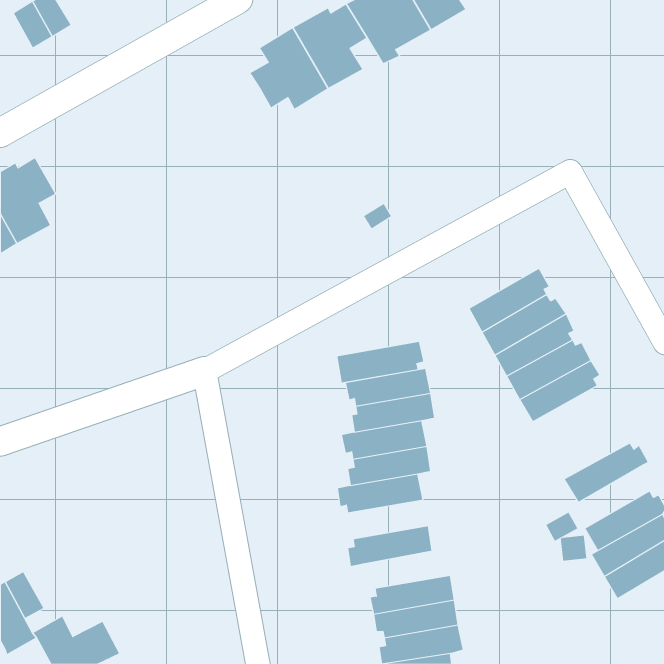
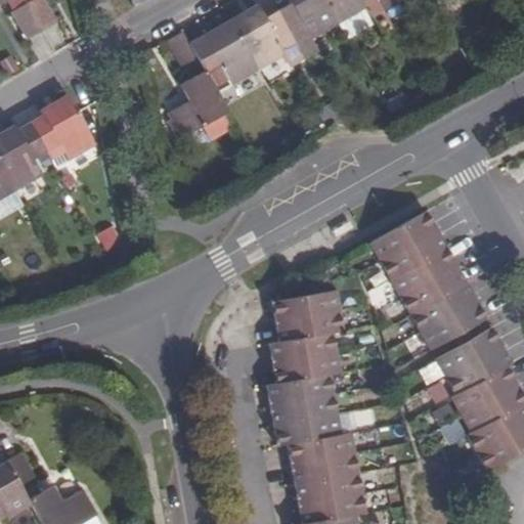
building: none -> [168,32,229,136]
building: none -> [29,97,95,169]
building: [337,341,424,383] -> none
building: none -> [420,303,486,349]
building: none -> [435,328,498,377]
building: none -> [450,365,514,416]
building: none -> [270,393,338,425]
building: none -> [287,432,355,463]

